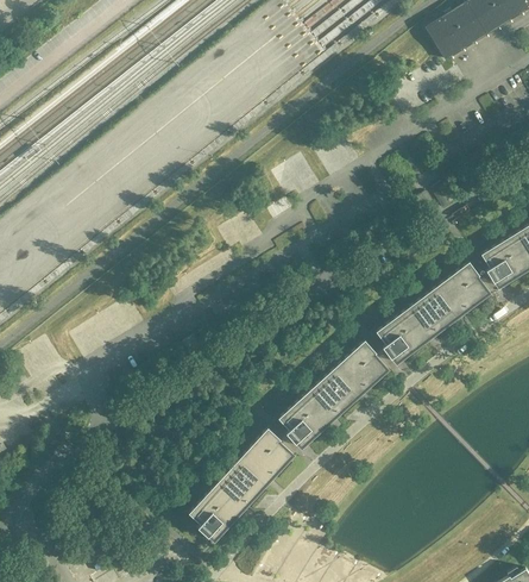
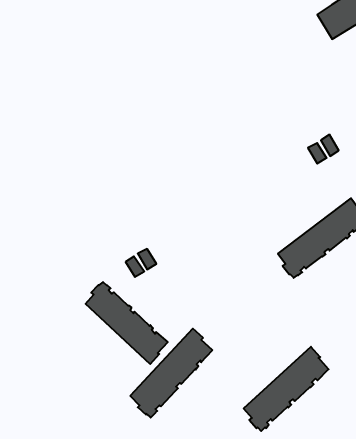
building: [279,339,388,446] -> [244,347,329,431]
building: none -> [86,282,168,364]

